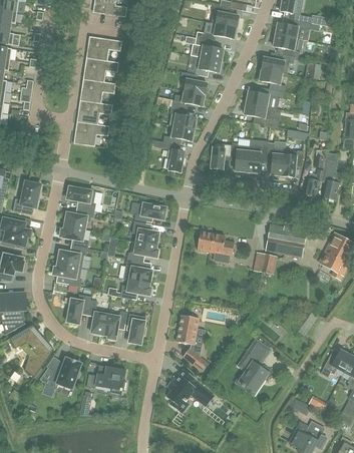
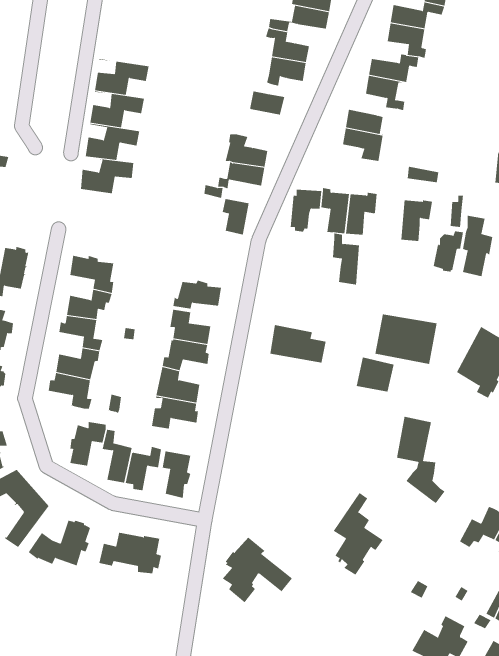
building: [85,37,121,62] -> none
building: [170,89,206,108] -> none
building: [266,141,284,175] -> [332,233,360,285]
building: [175,314,208,371] -> [396,416,446,504]

